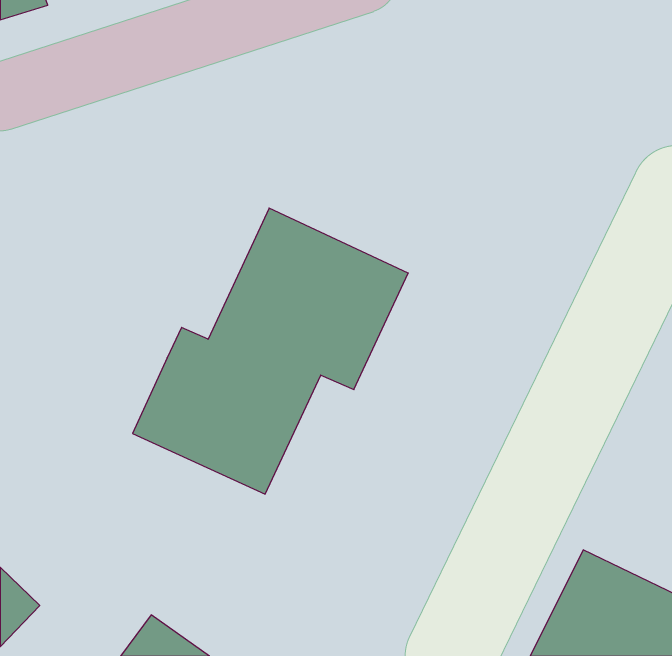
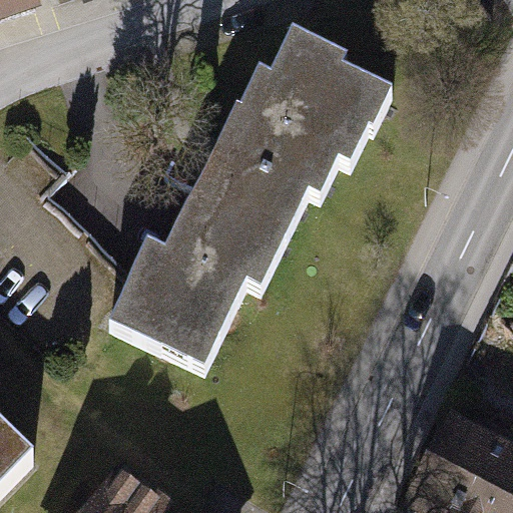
building: none -> [207,31,391,206]

